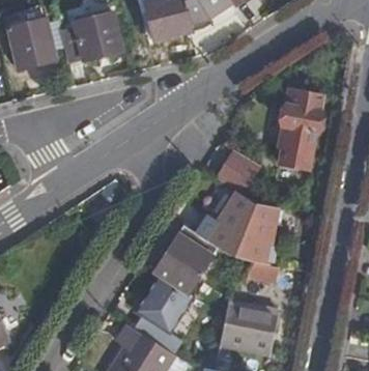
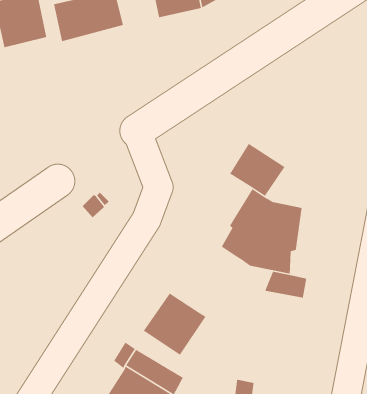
building: [278,87,322,172] -> none
building: [153,225,218,296] -> none
building: [223,299,279,353] -> none

